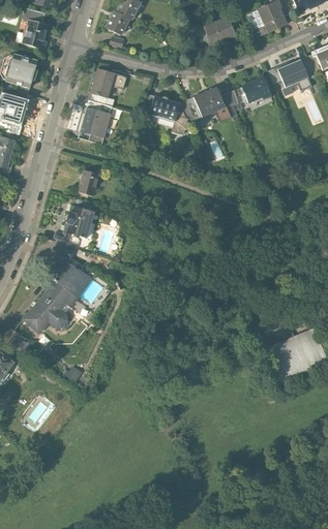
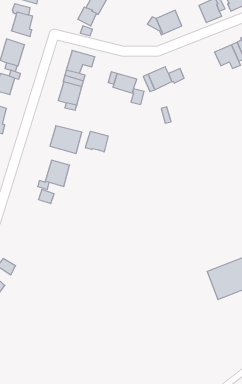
building: [242,75,272,103] -> none
building: none -> [86,131,108,152]
building: [22,260,92,334] -> none

